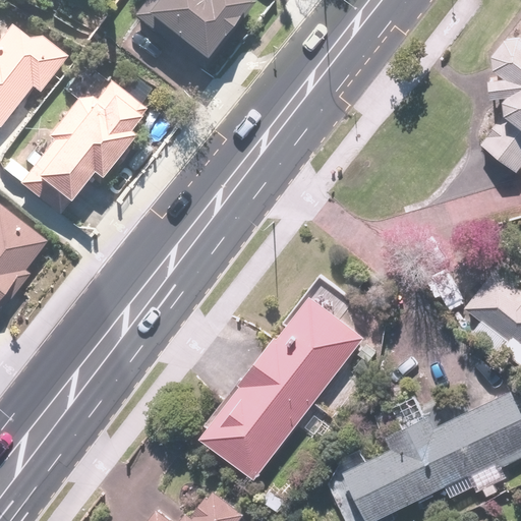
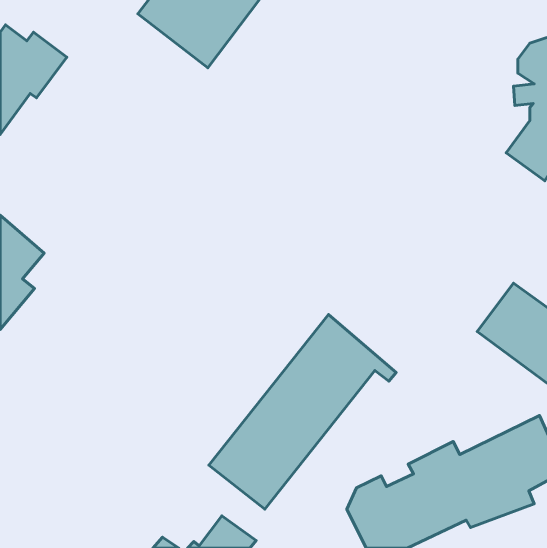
building: [17,66,152,212] -> none

